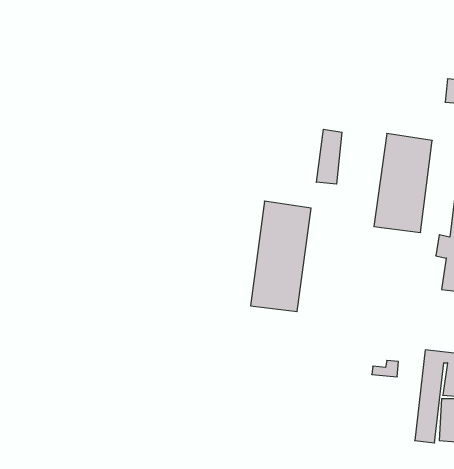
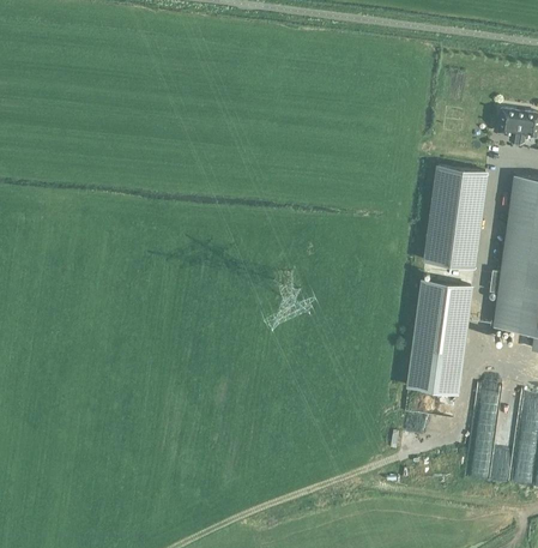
building: [316,129,342,184] -> none
building: [251,201,311,312] -> [409,279,471,393]

